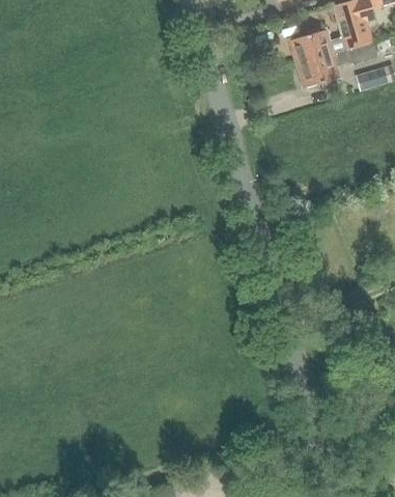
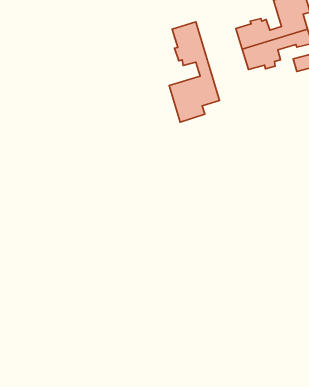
building: none -> [169,22,220,122]

